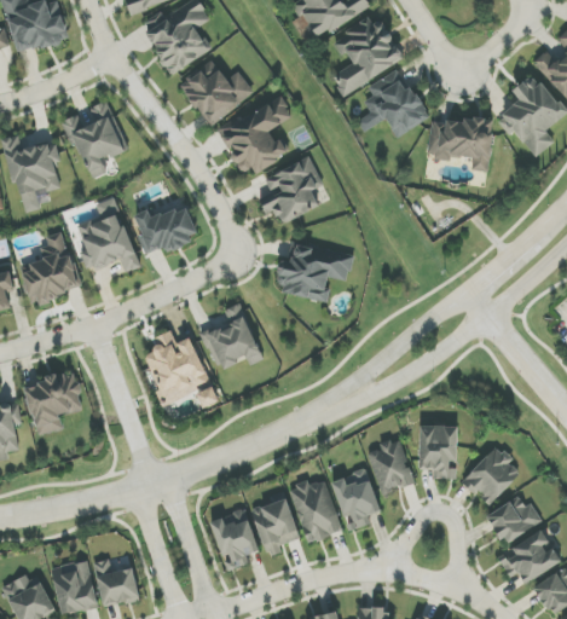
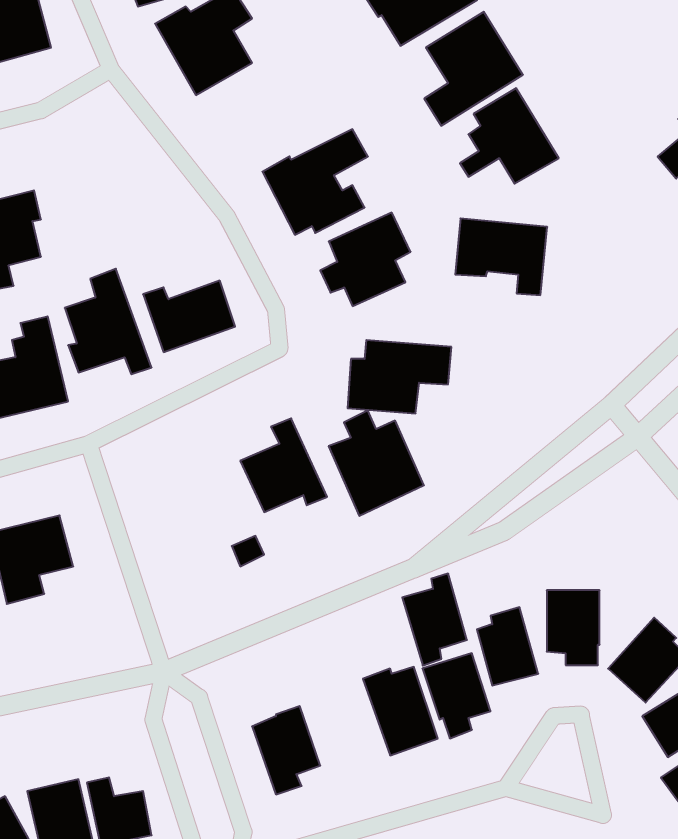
building: [179,59,254,123] -> none
building: [64,99,126,179] -> none
building: [428,116,493,170] -> [455,218,547,295]
building: [143,329,210,404] -> [329,410,424,516]
building: [253,491,299,556] -> [402,574,467,666]

